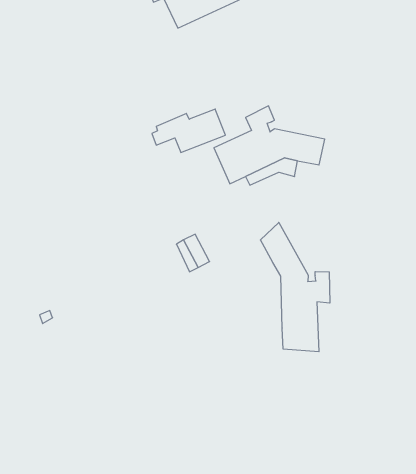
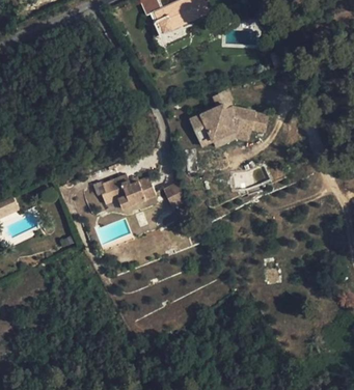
building: [152,109,225,152] -> [102,176,155,207]
building: [260,222,330,352] -> none

